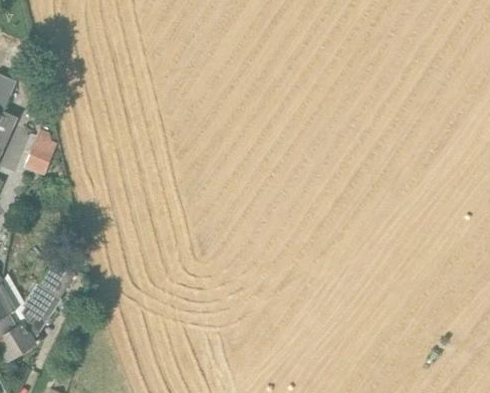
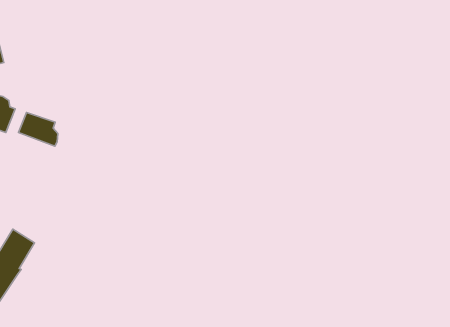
building: none -> [18,112,58,146]

